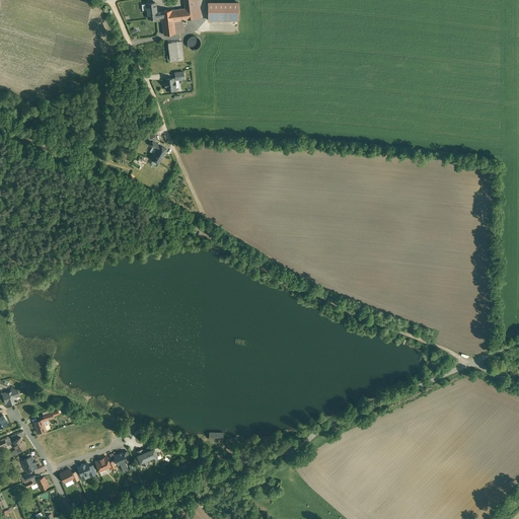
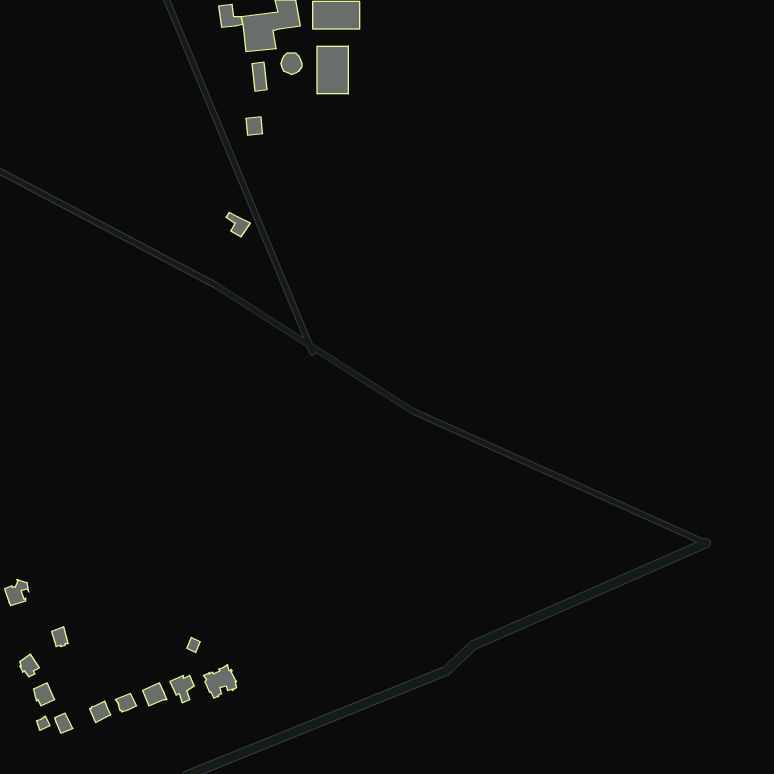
building: none -> [317,46,348,94]

